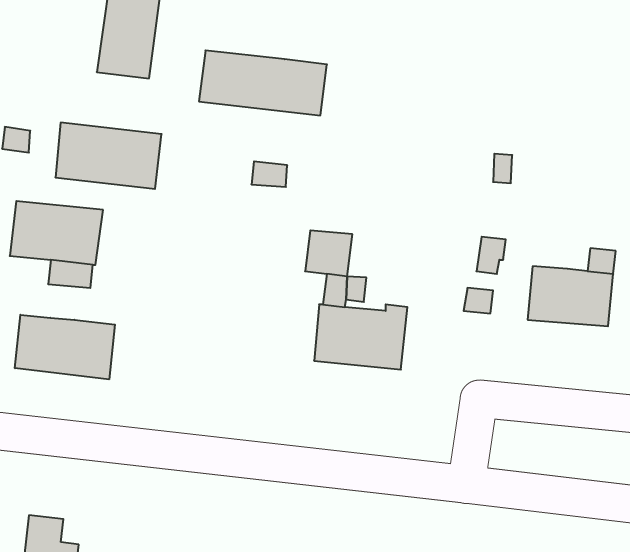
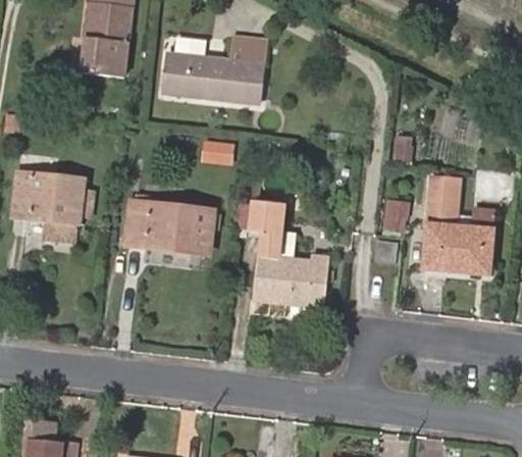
building: none -> [230,37,267,63]
building: [55,123,162,189] -> [127,201,212,254]
building: none -> [428,176,460,226]
building: [15,315,115,379] -> none

